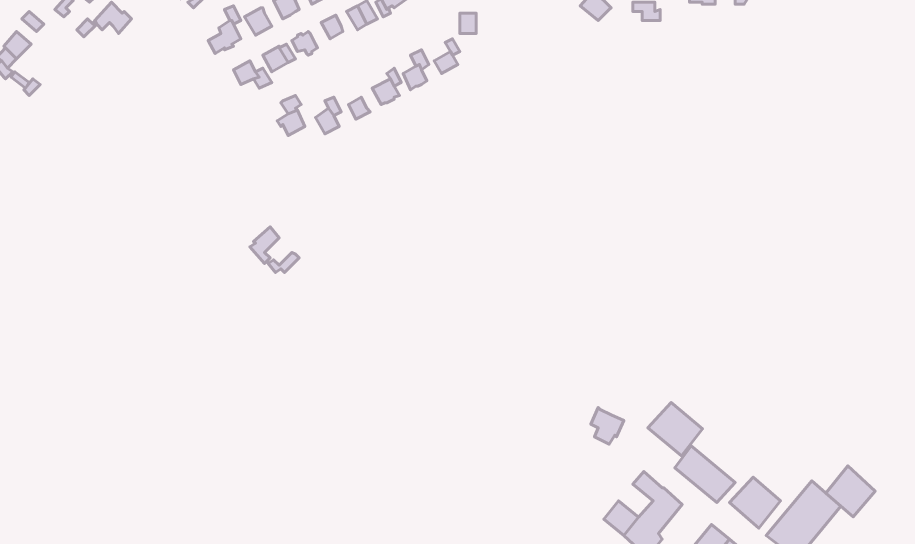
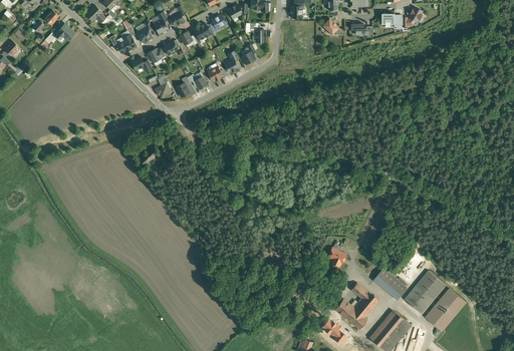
building: [648,402,702,456] -> none
building: [826,466,875,517] -> [418,270,445,298]

